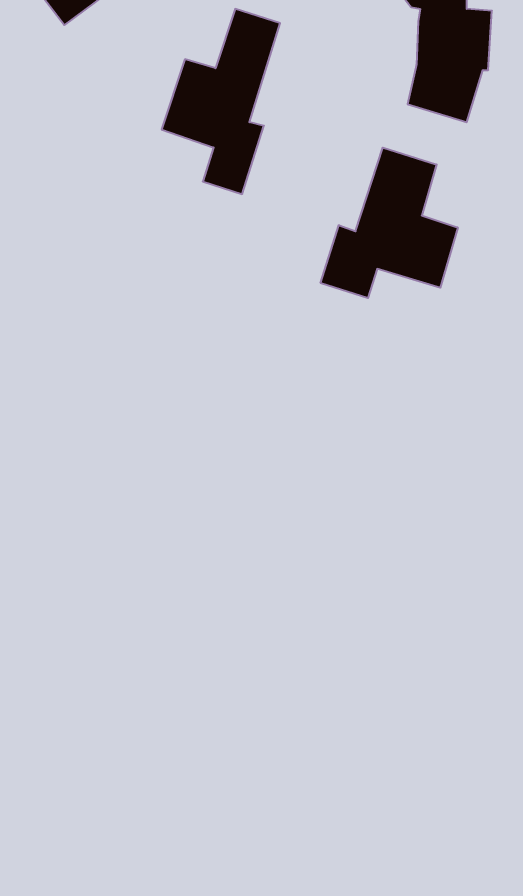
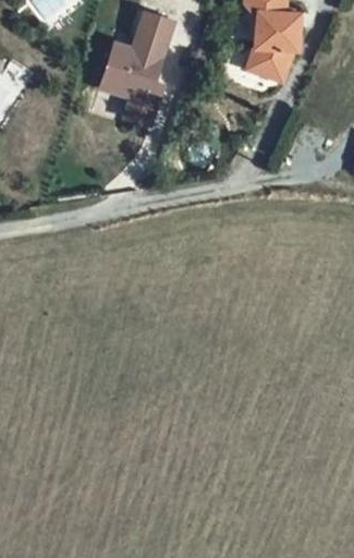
building: [321,148,458,298] -> none

